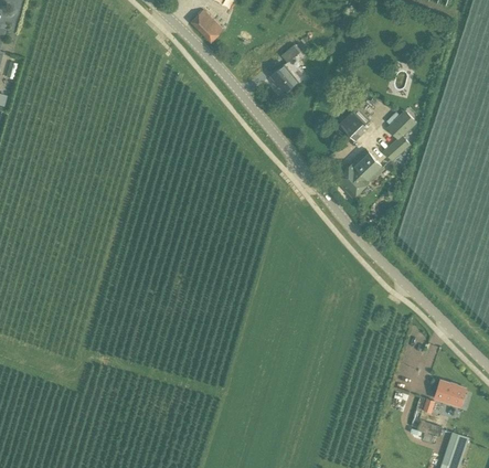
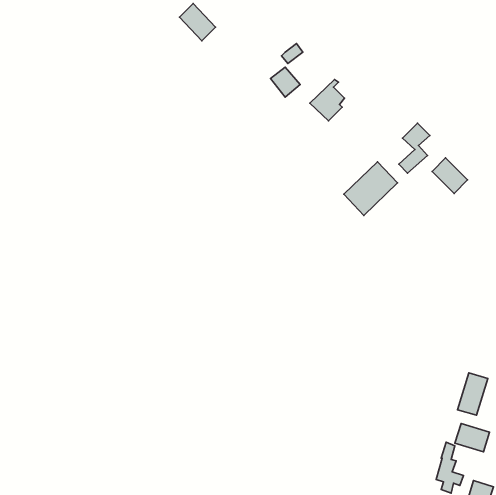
building: [339,103,370,139] -> [310,80,345,121]
building: none -> [432,158,468,194]
building: none -> [458,373,488,415]

